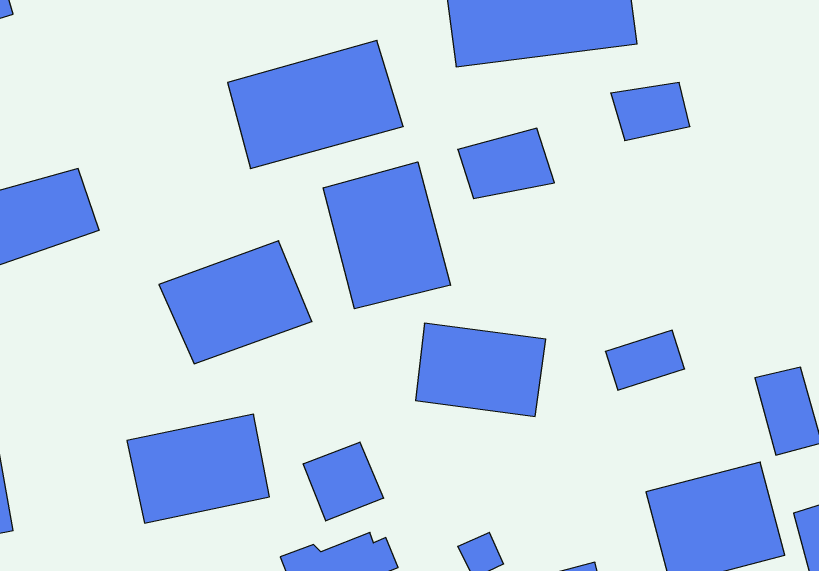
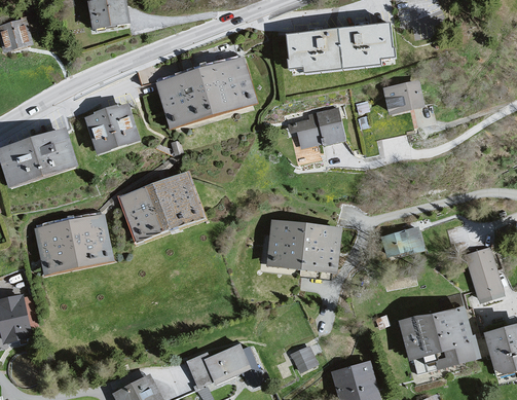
building: none -> [83,101,140,158]
building: [323,162,451,309] -> none
building: [127,414,269,523] -> [31,214,114,278]
building: [303,442,384,521] -> none

